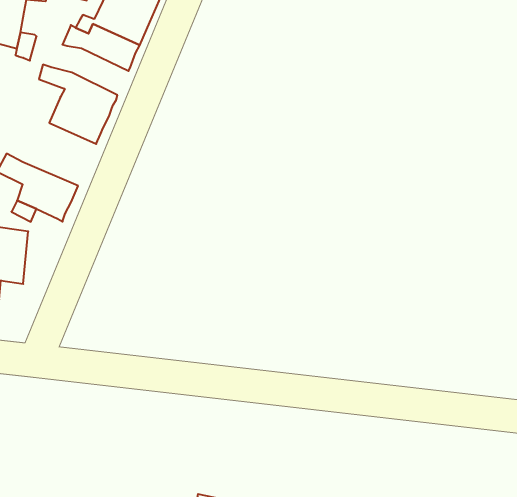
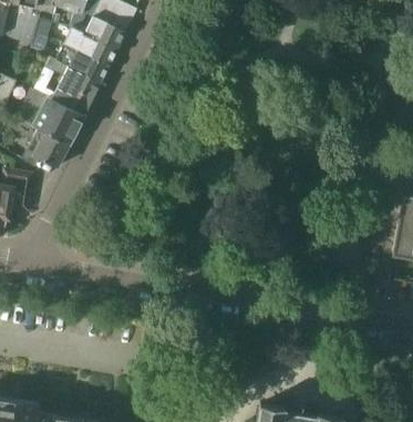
building: none -> [55,45,110,83]
building: none -> [25,90,84,145]

